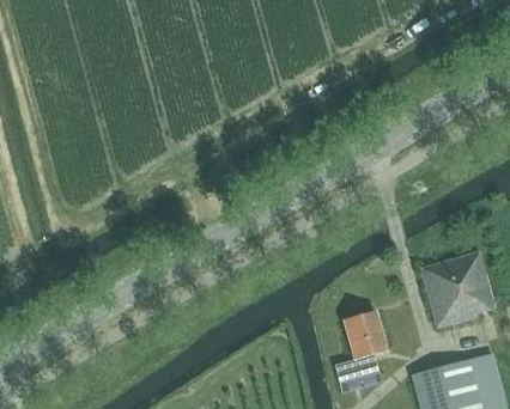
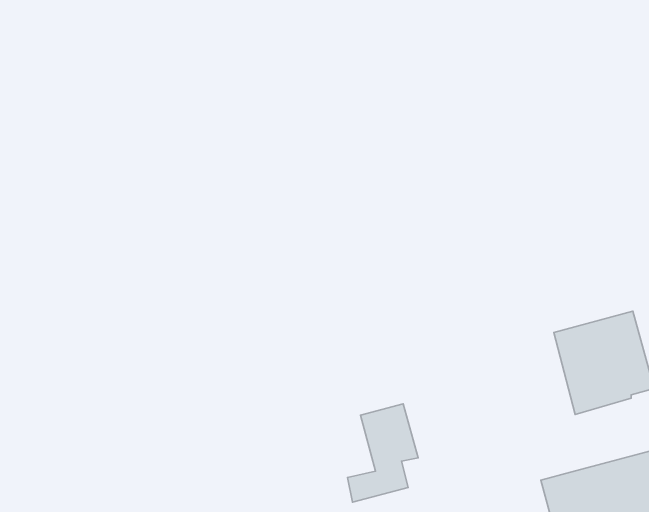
building: [335,312,387,384] -> [348,404,418,502]

